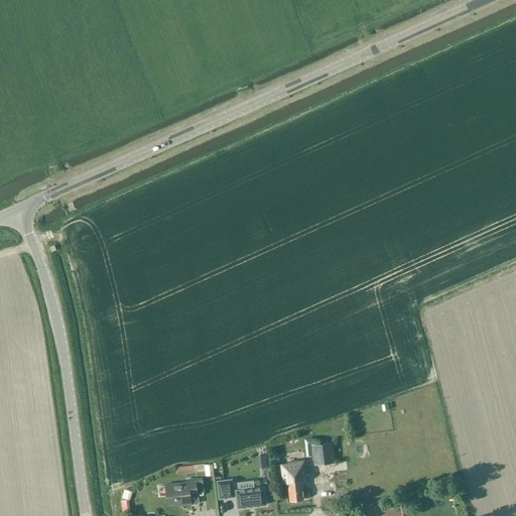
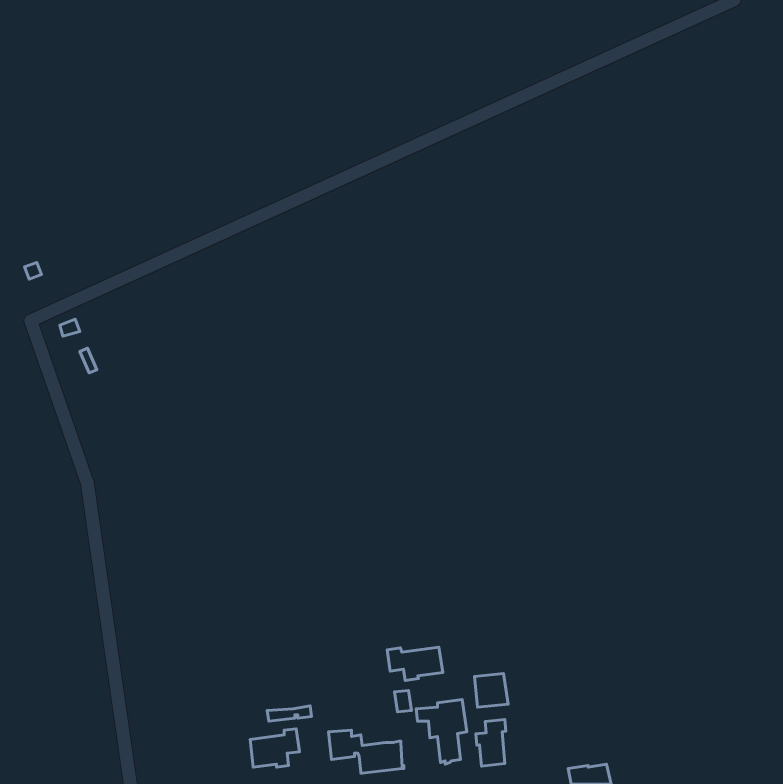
building: none -> [387,647,443,681]
building: none -> [476,720,506,766]

